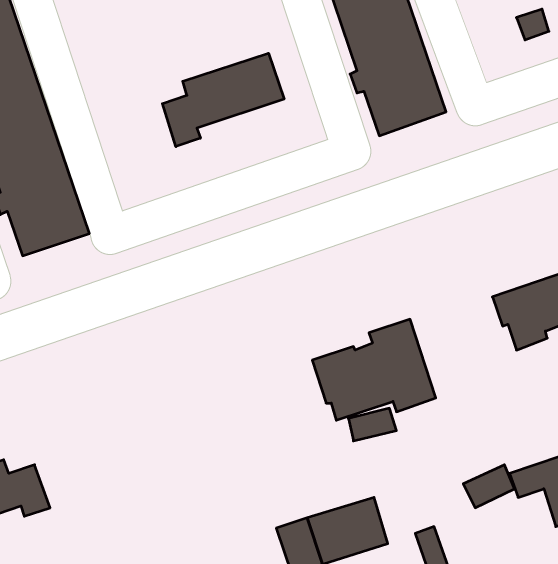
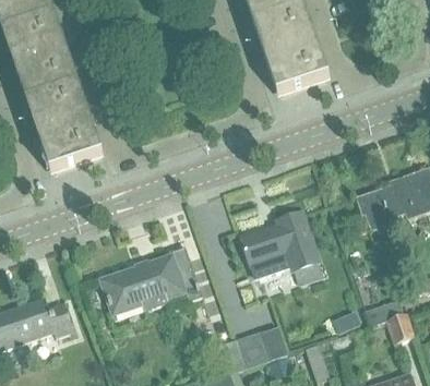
building: [162,53,284,147] -> none
building: none -> [101,248,203,313]

